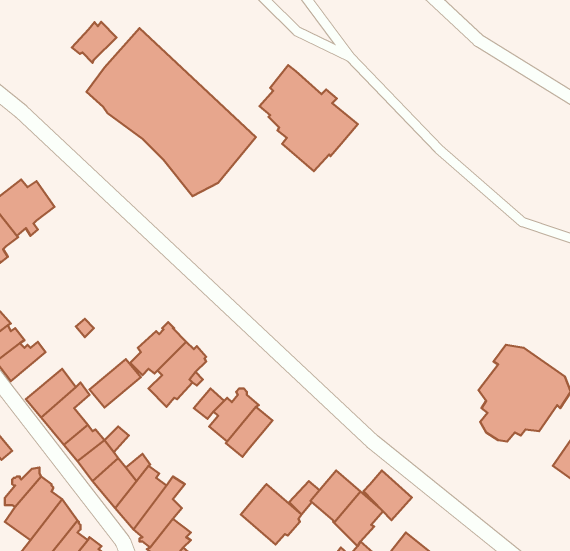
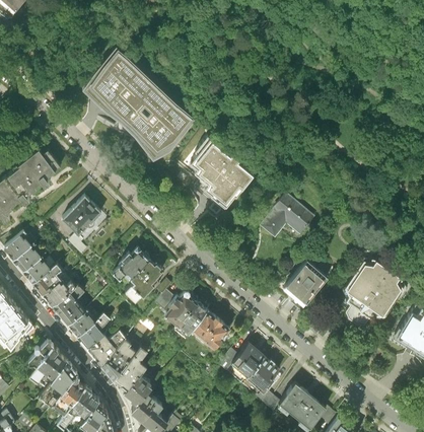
building: [72,22,116,63] -> none
building: [259,65,358,171] -> [189,138,255,209]
building: none -> [61,194,101,233]
building: none -> [261,195,312,235]
building: none -> [283,267,323,306]
building: [89,359,141,408] -> [31,263,66,295]
building: [364,470,412,520] -> none
building: [241,484,301,545] -> [191,308,231,349]

